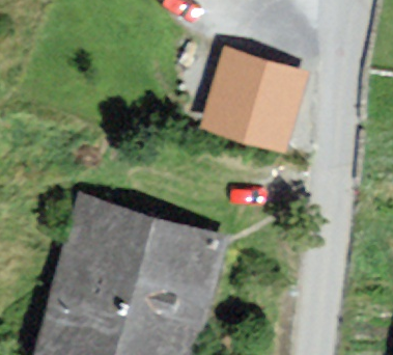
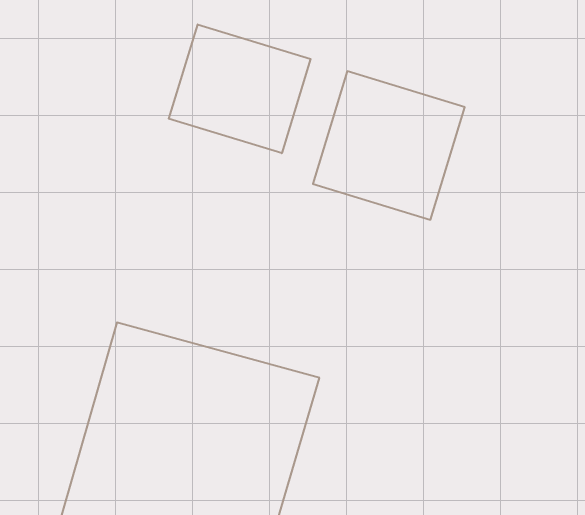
building: none -> [169,24,311,153]

